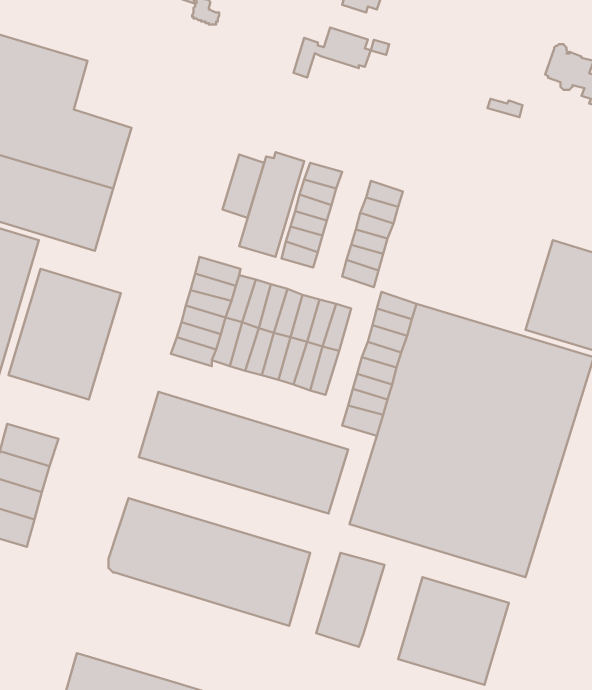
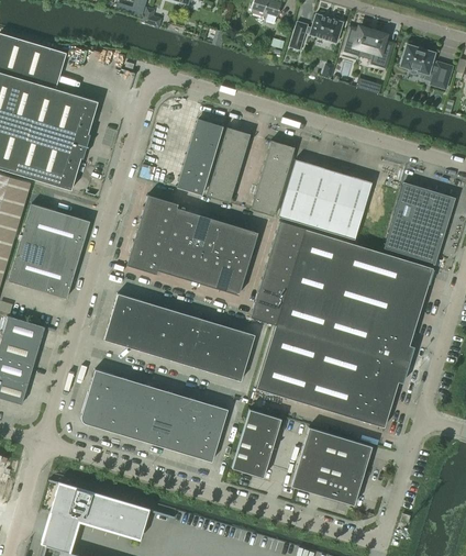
building: none -> [343,27,392,69]
building: [294,27,371,77] -> [289,14,345,51]
building: [222,154,264,218] -> none
building: none -> [278,159,371,240]

